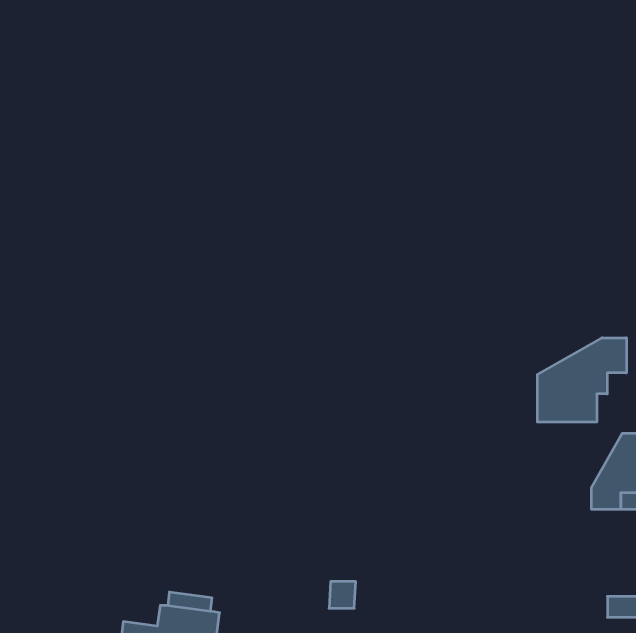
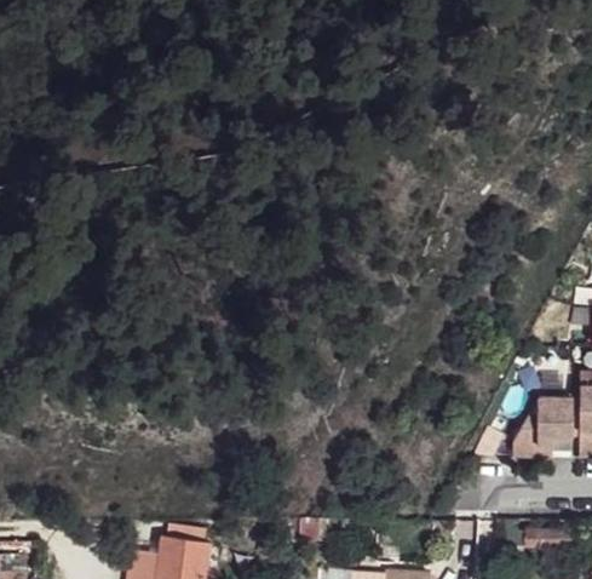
building: [537,338,626,422] -> none

